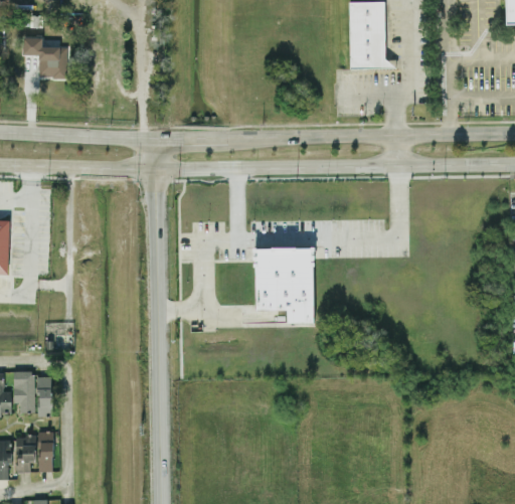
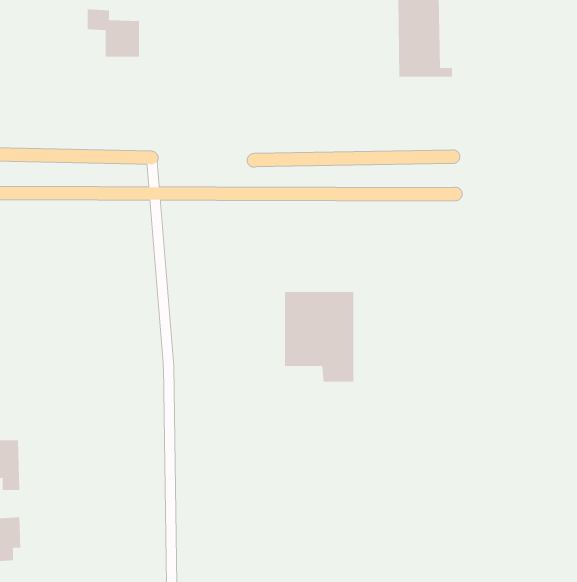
building: [22,37,66,77] -> [87,9,140,57]
building: [36,376,51,416] -> none
building: [37,432,53,471] -> none

